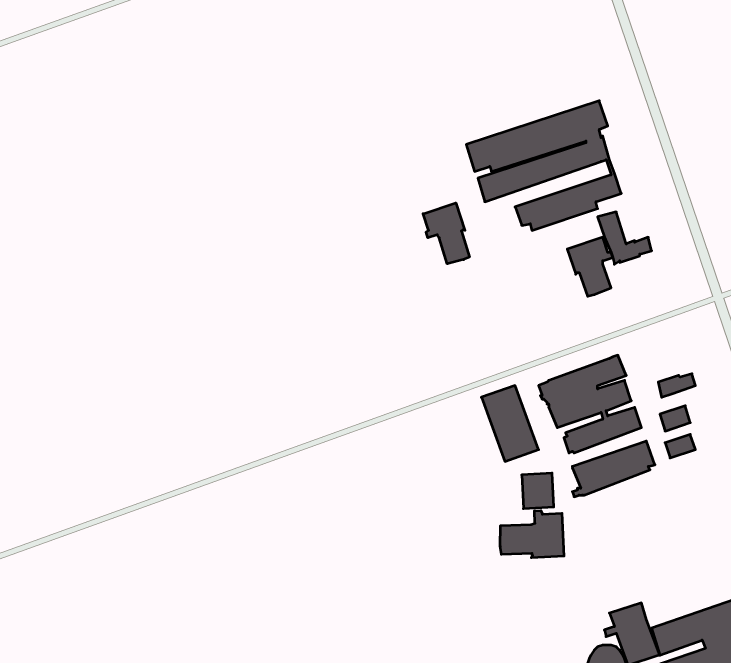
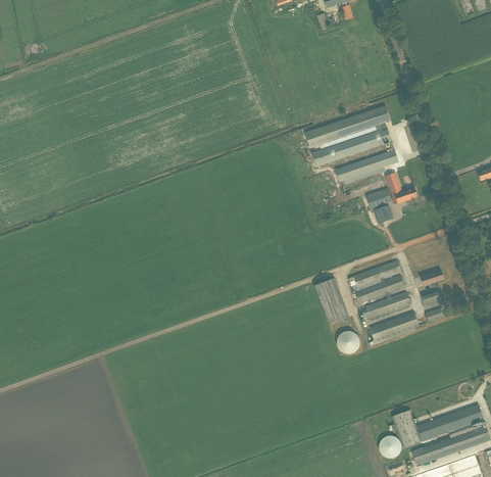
building: [423,203,469,264] -> none
building: [500,511,564,558] -> none

